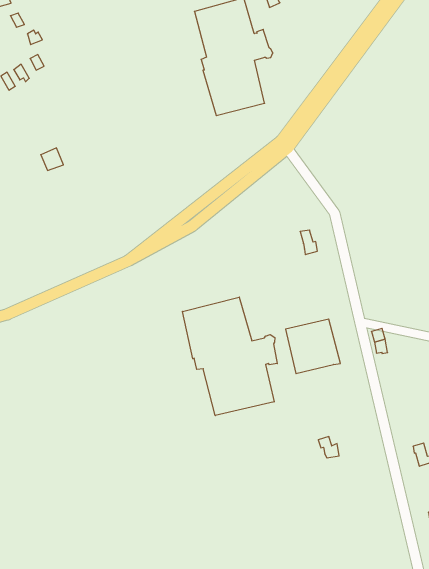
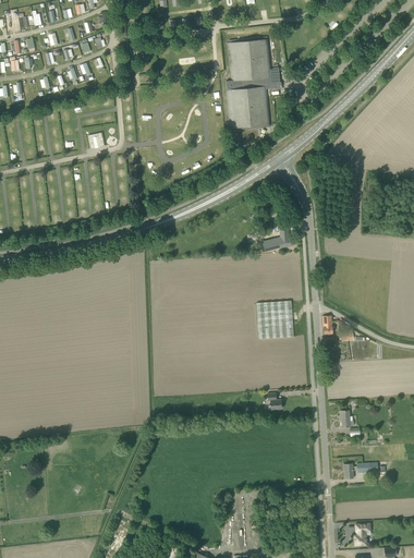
building: [182,297,277,416] -> none

